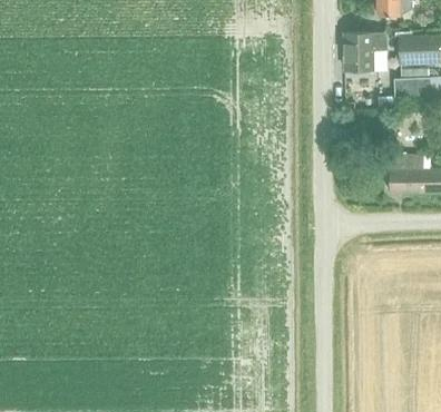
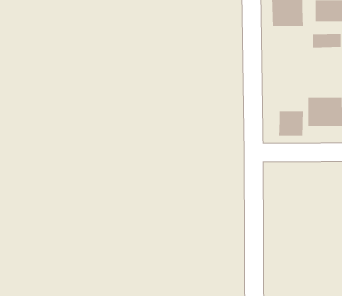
building: none -> [278,110,304,137]

